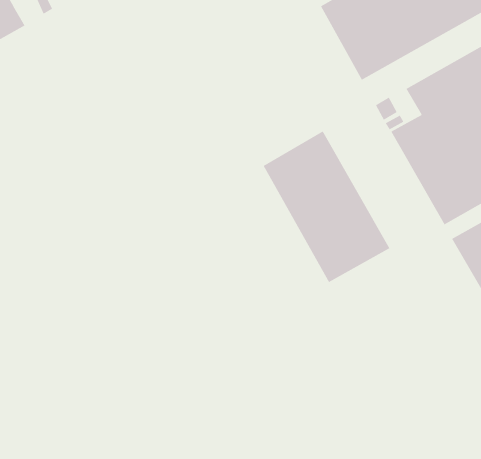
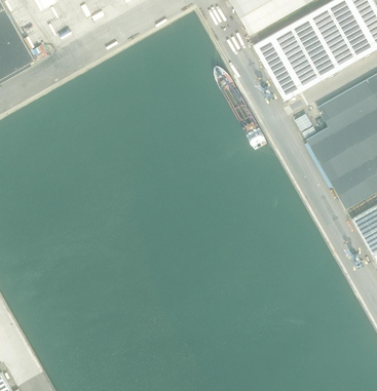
building: [263,131,390,283] -> none

